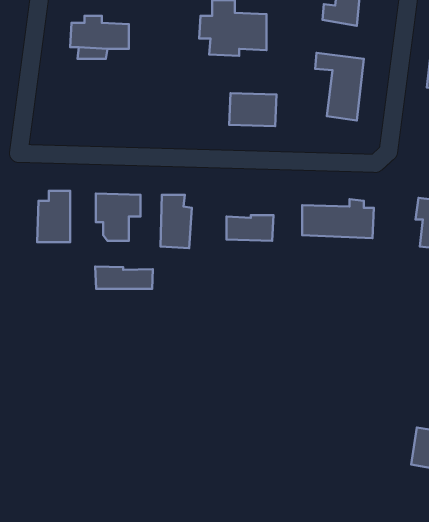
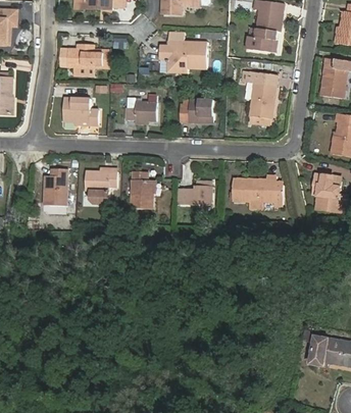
building: none -> [127,94,156,120]
building: none -> [63,98,99,124]
building: [95,267,153,289] -> none

